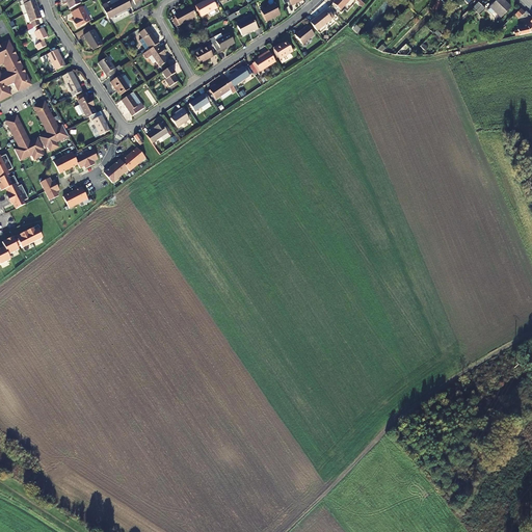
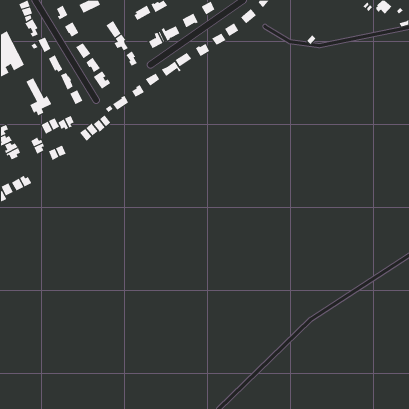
building: [5,114,43,160] -> none

